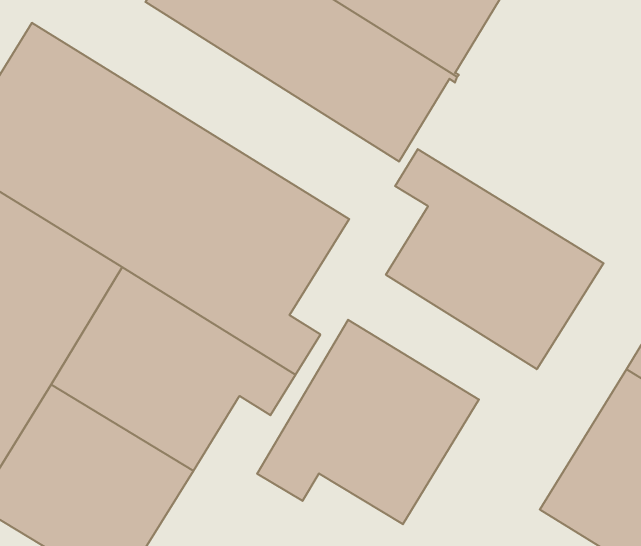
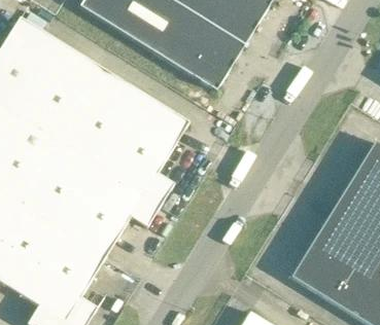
building: [386,149,604,369] -> none
building: [257,320,479,524] -> none

